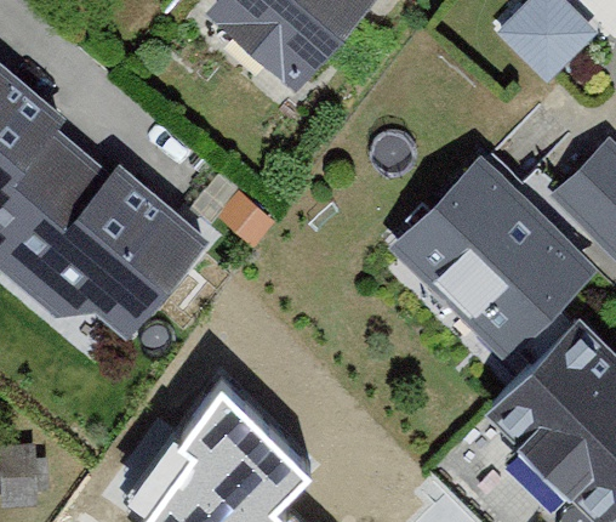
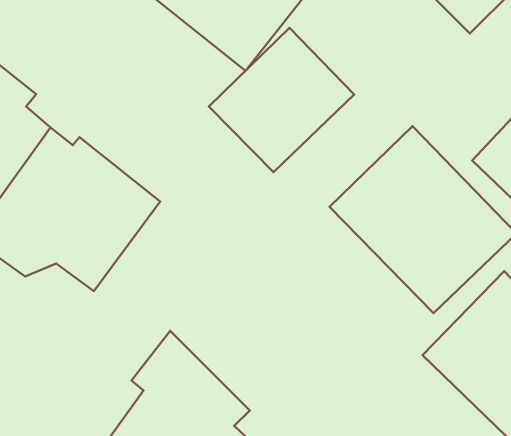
building: none -> [209,28,354,172]

